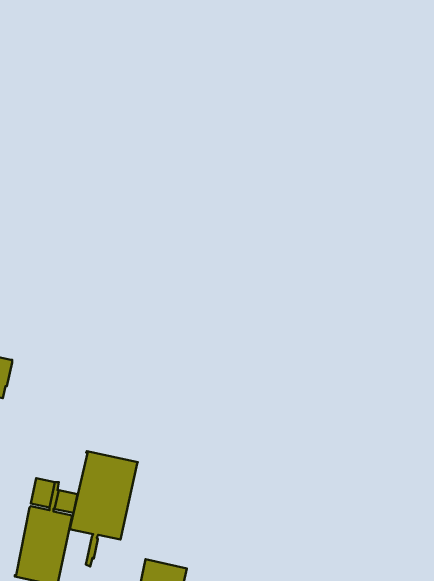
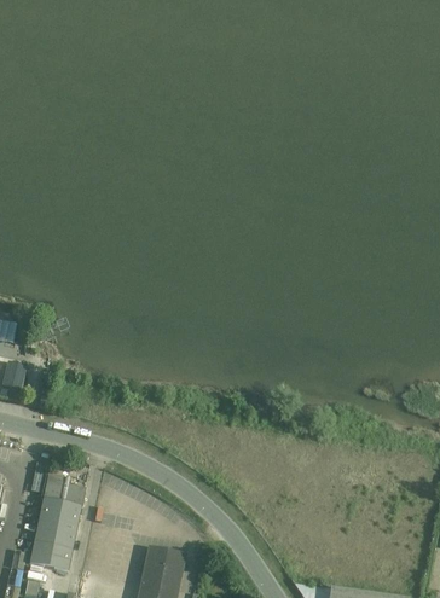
building: [70,451,138,566] -> none

